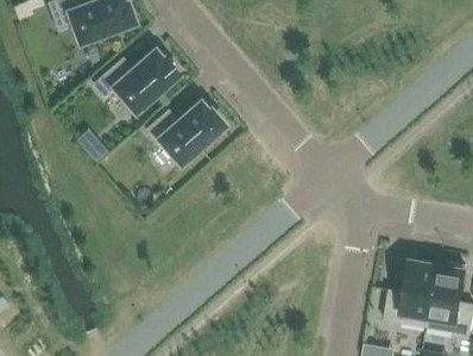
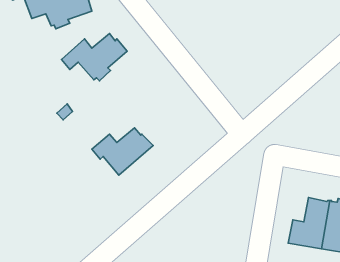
building: [145,102,223,163] -> [92,128,153,175]

